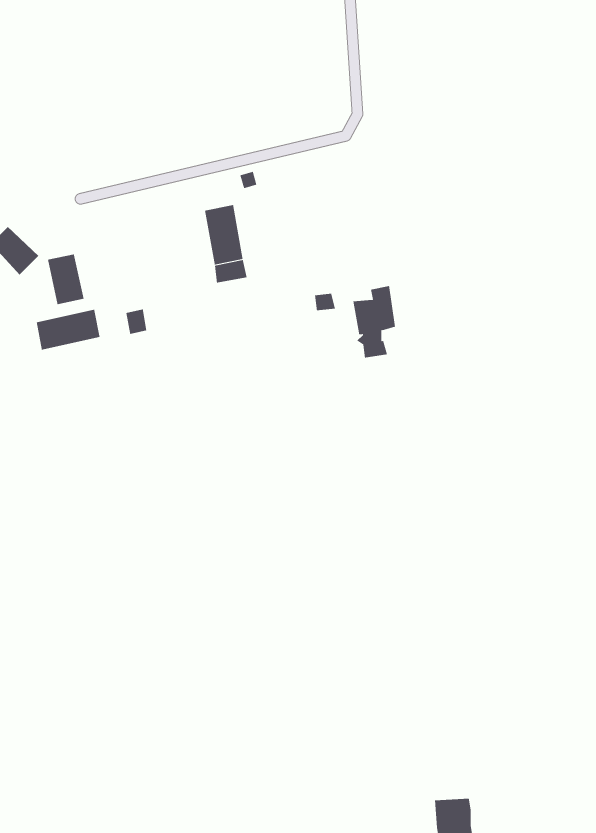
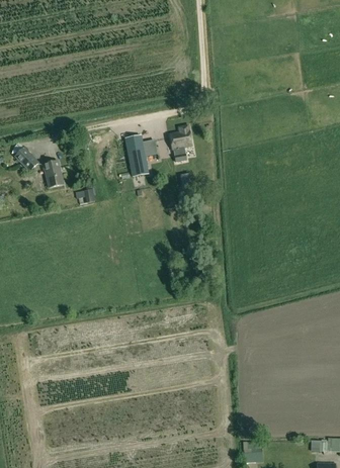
building: [353,286,396,358] -> [169,124,191,162]
building: [36,309,100,350] -> none

